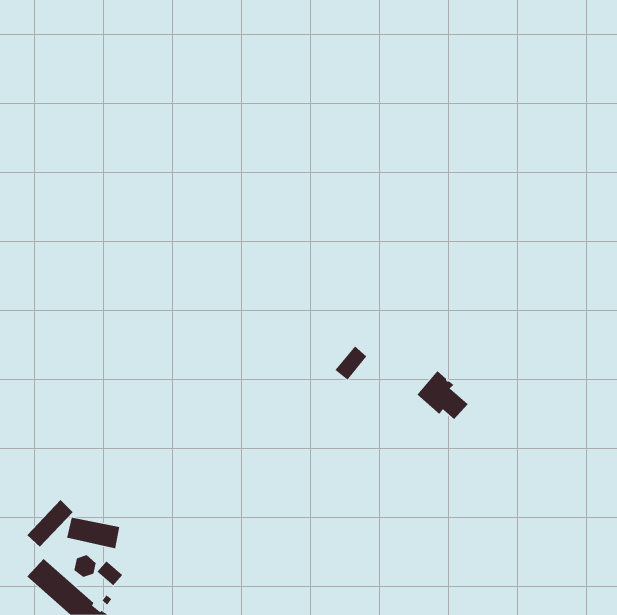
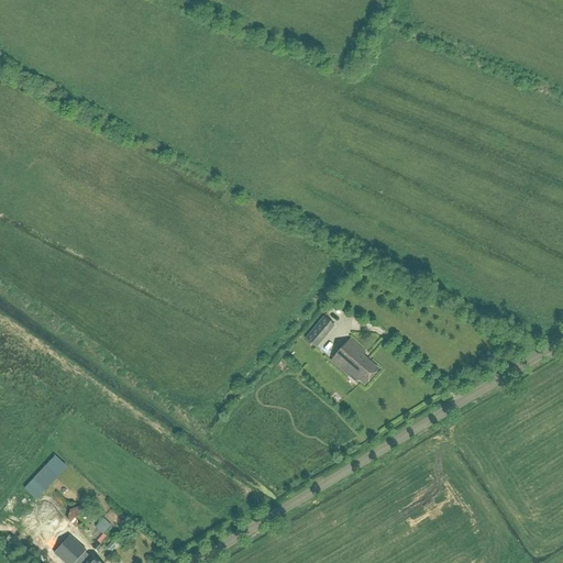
building: [417,370,468,420] -> [331,338,378,383]
building: [66,517,120,549] -> none

